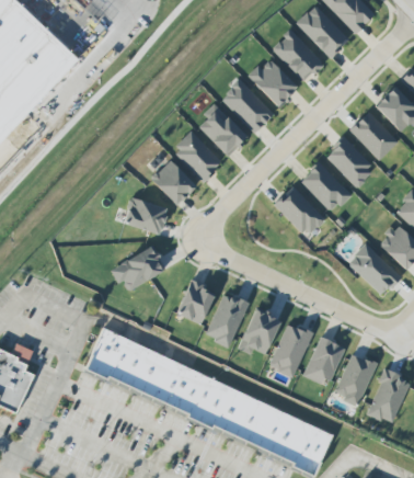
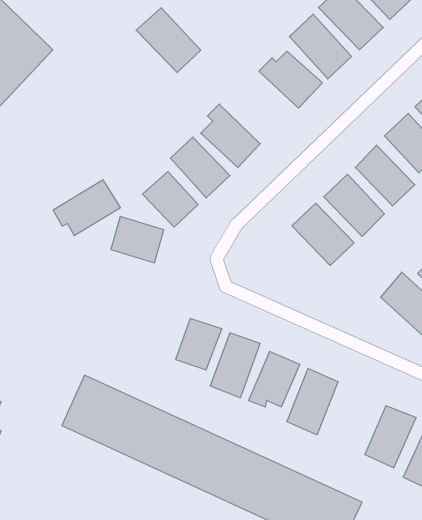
building: [220,79,274,133] -> [136,8,201,73]
building: [111,244,166,291] -> [53,180,120,235]
building: [303,337,345,385] -> none

